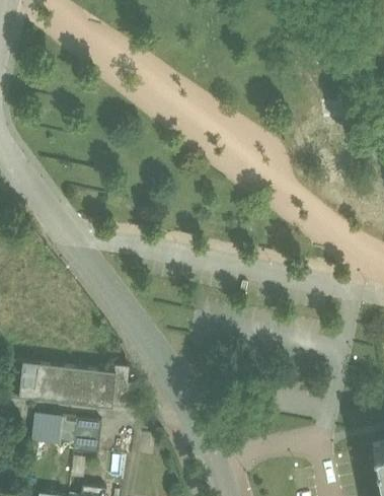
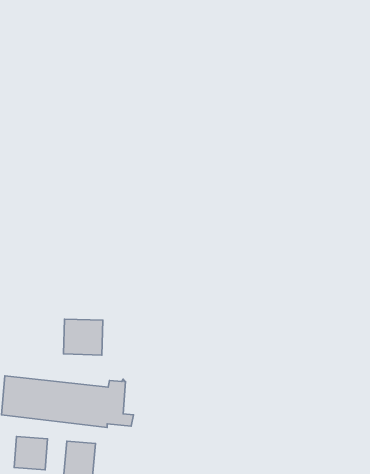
building: none -> [63,319,103,355]

